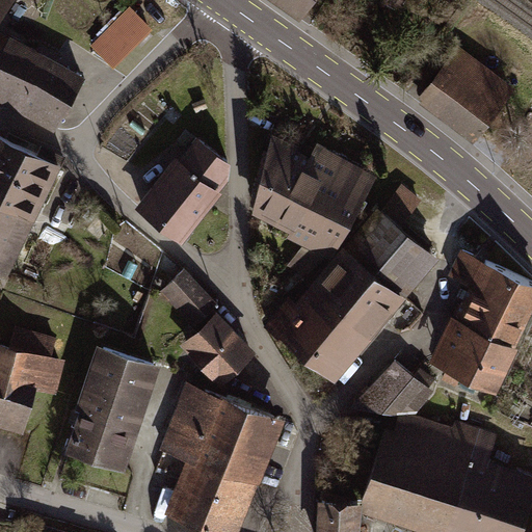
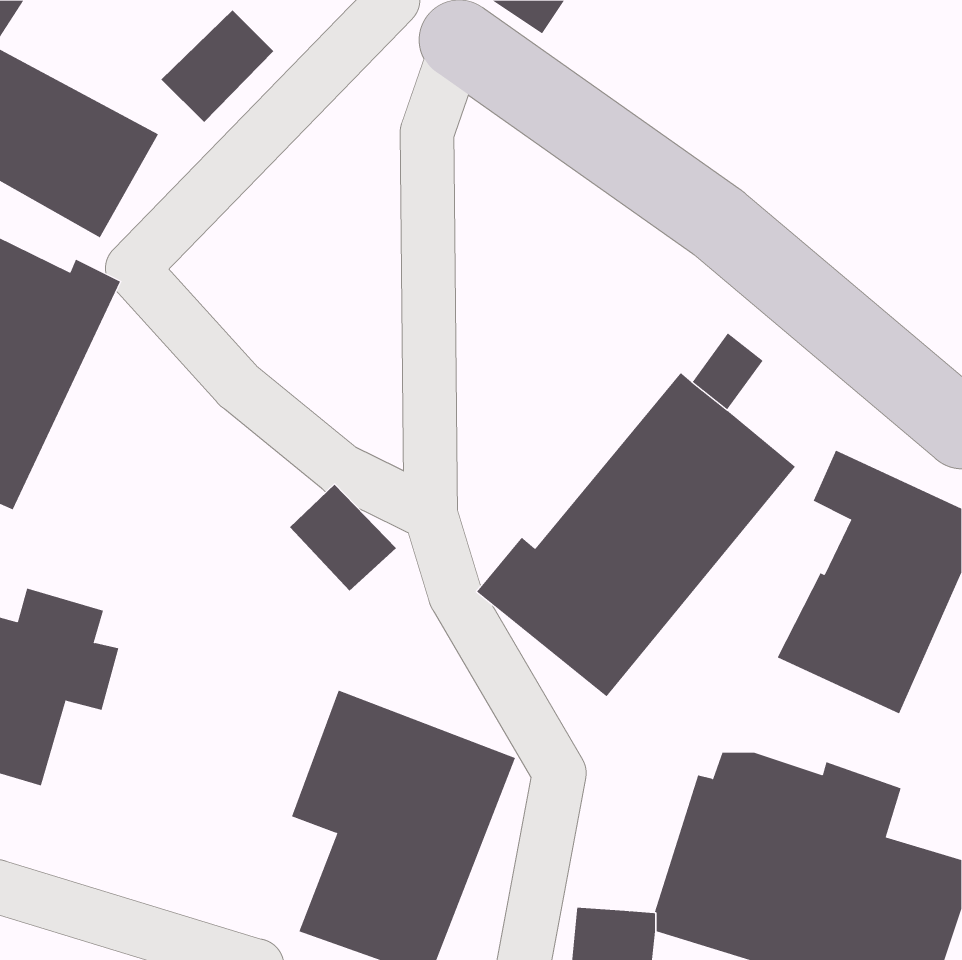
building: [416,46,515,147] -> none
building: [250,135,375,261] -> none
building: [133,138,229,246] -> none
building: [181,312,258,389] -> none
building: [65,344,162,474] -> none
building: [349,362,434,417] -> none

